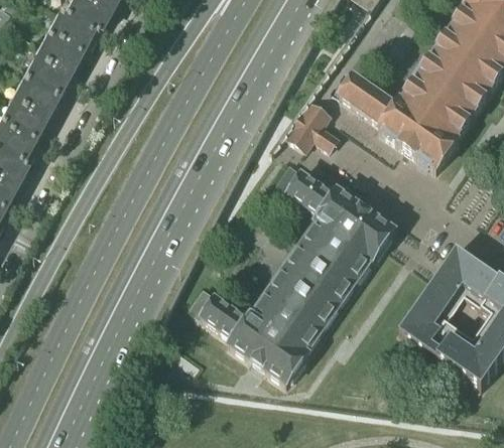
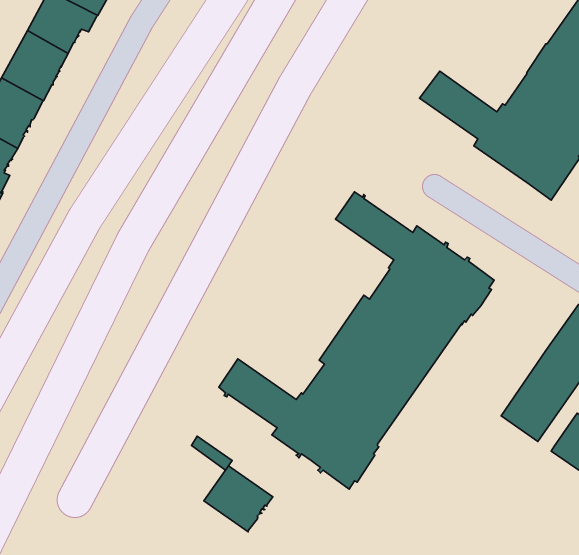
building: [286,99,337,146] -> none
building: none -> [204,466,273,532]

